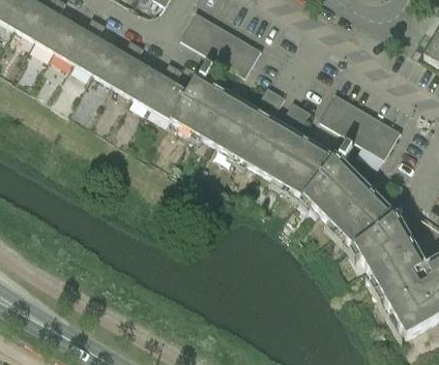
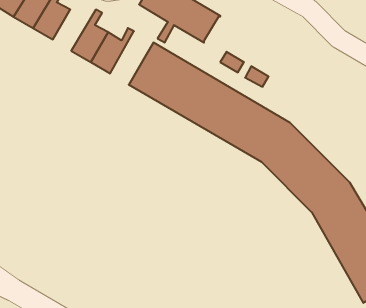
building: [92,39,136,85] -> none
building: [150,65,186,119] -> none
building: [319,92,401,158] -> none

